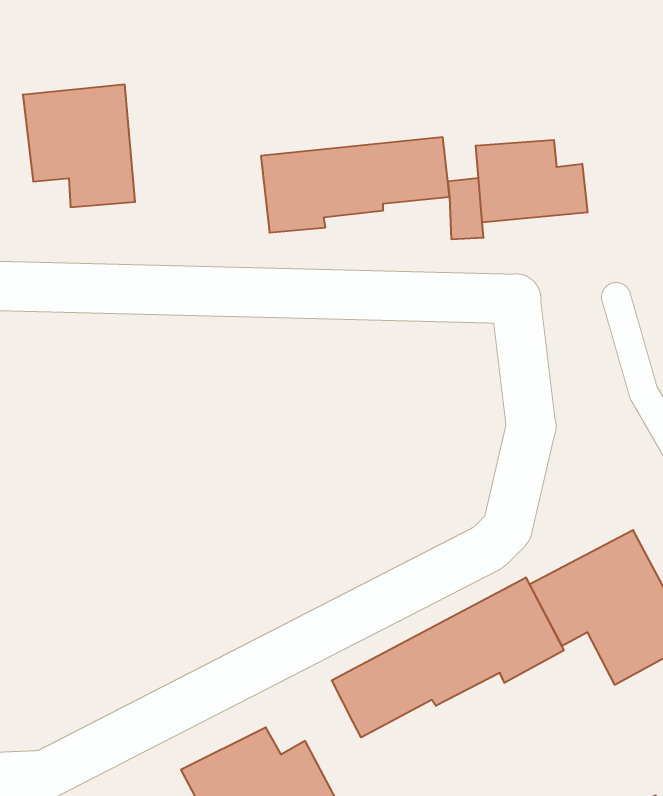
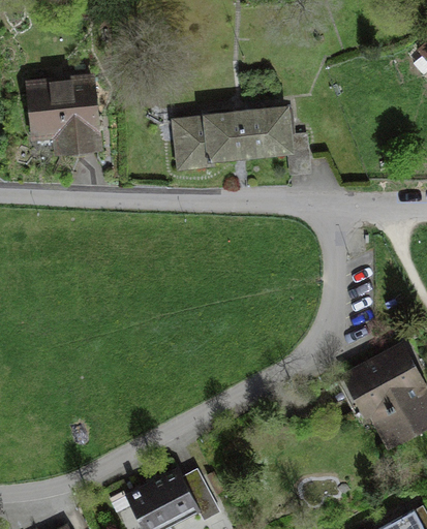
building: [476,140,588,223] -> none
building: [332,577,564,737] -> none

